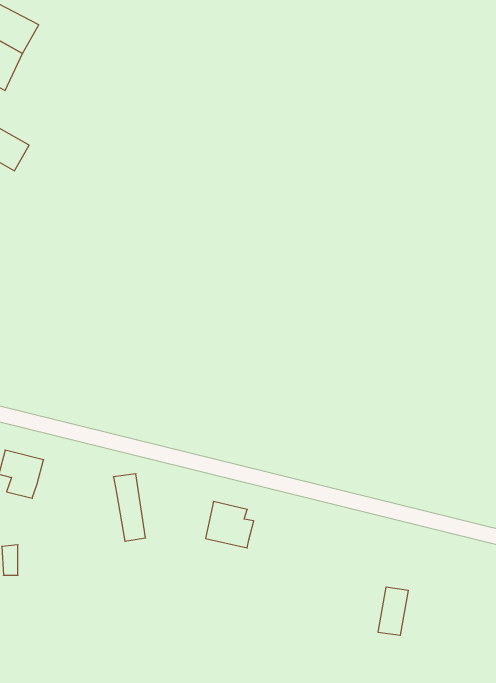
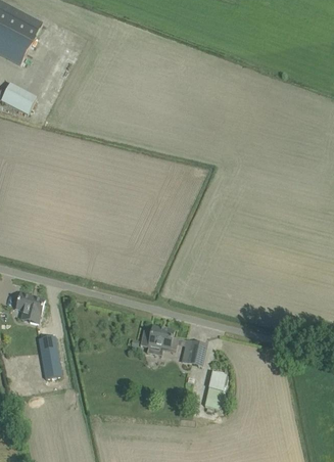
building: [113,474,146,541] -> [40,335,60,378]
building: none -> [181,340,206,365]
building: [378,587,408,635] -> [207,370,227,401]

